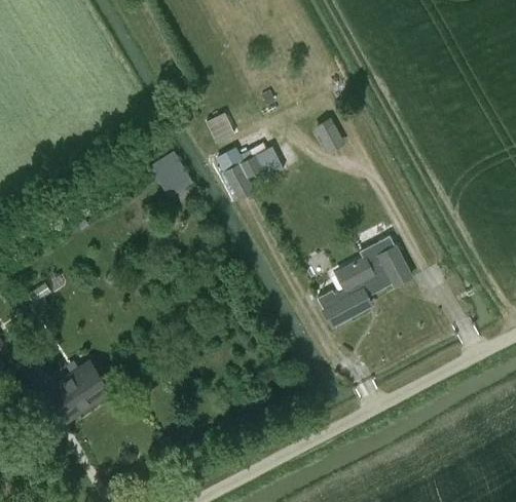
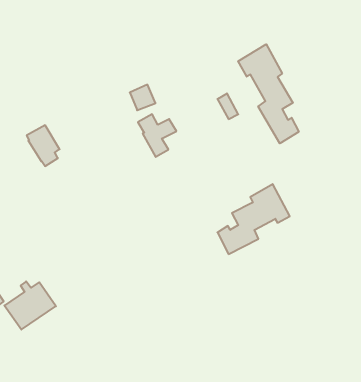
building: none -> [238,44,299,143]
building: [149,152,191,204] -> [27,125,60,166]

